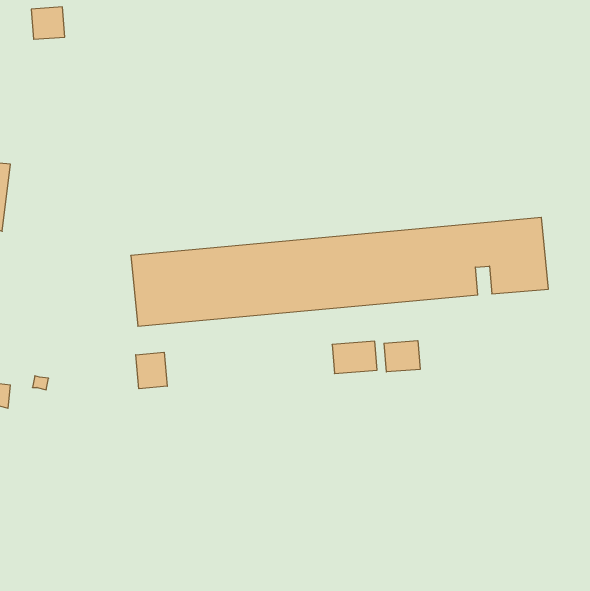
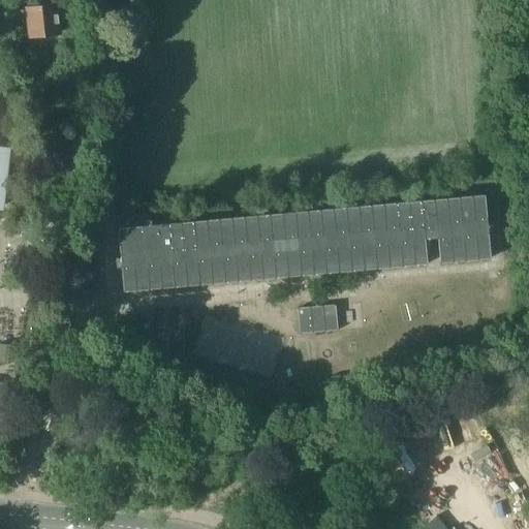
building: [384,341,420,372] -> none
building: [136,352,167,389] -> none

